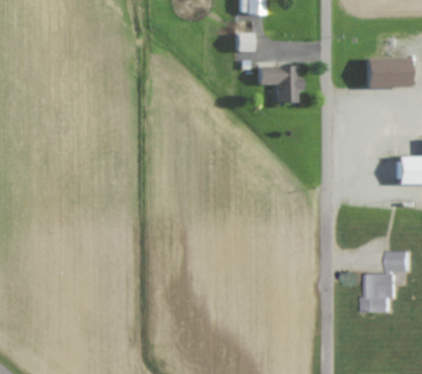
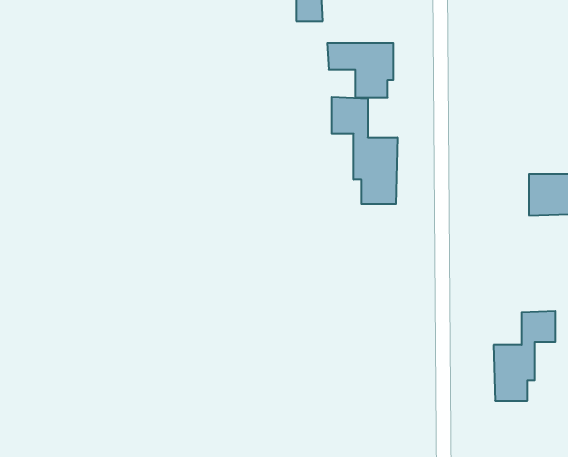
building: [361,57,407,87] -> none
building: none -> [332,97,397,204]

